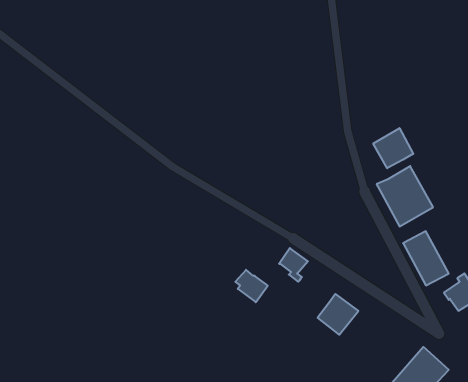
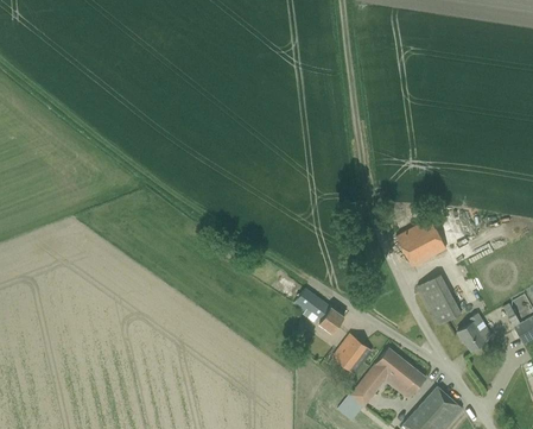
building: [373,128,413,168] -> none
building: [235,270,268,302] -> [312,302,344,334]
building: none -> [351,348,426,405]

